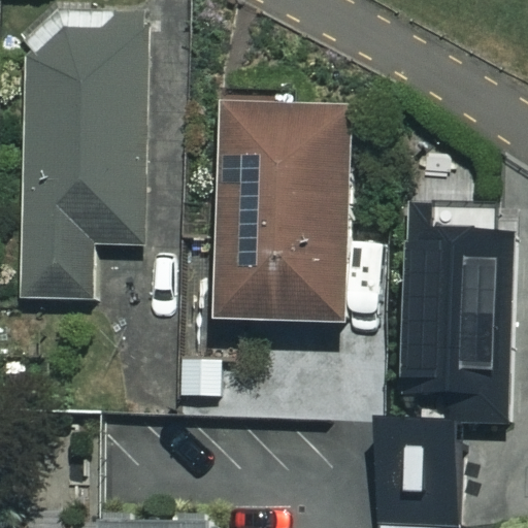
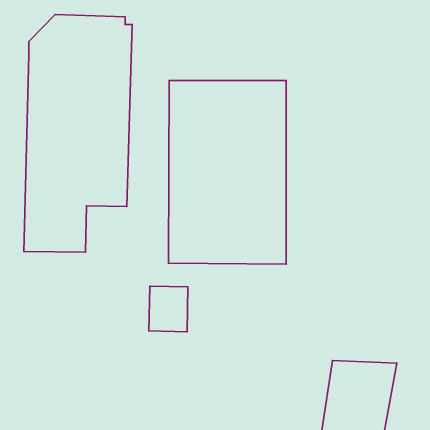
building: [396,207,494,389] -> none

